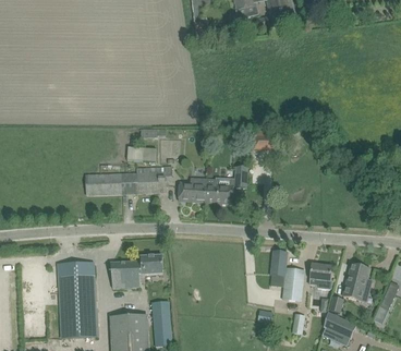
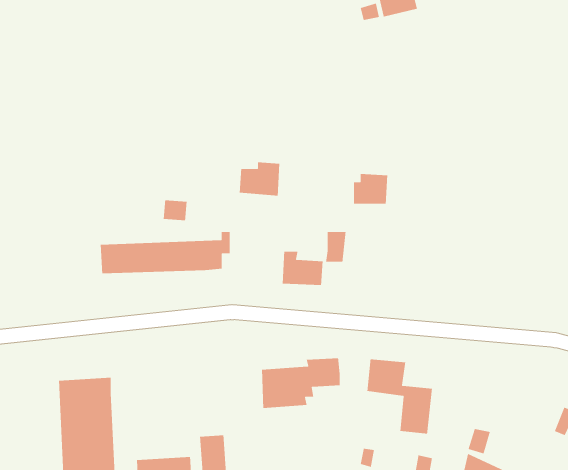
building: [179,178,206,201] -> [239,162,280,196]
building: [110,254,162,288] -> [261,358,341,409]
building: [342,262,372,300] -> none
building: [309,263,331,289] -> none

